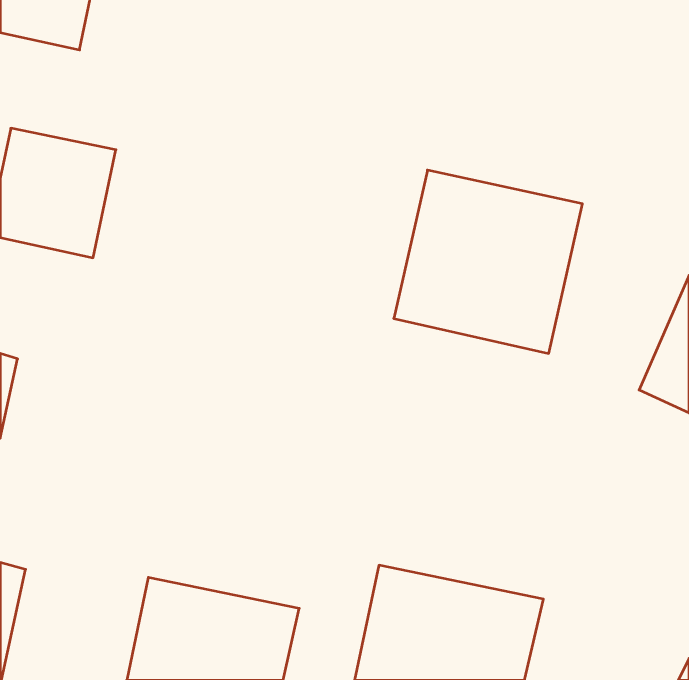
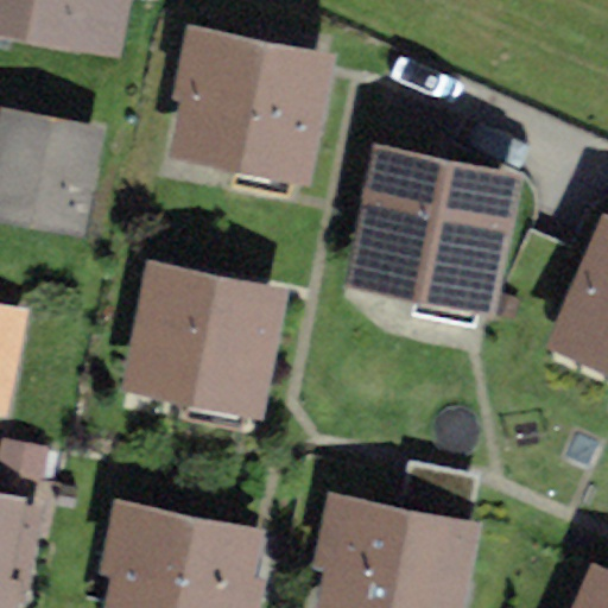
building: none -> [176,37,319,178]
building: none -> [125,267,276,413]

